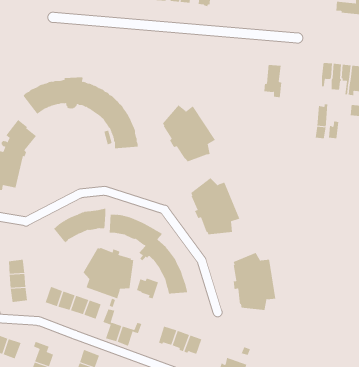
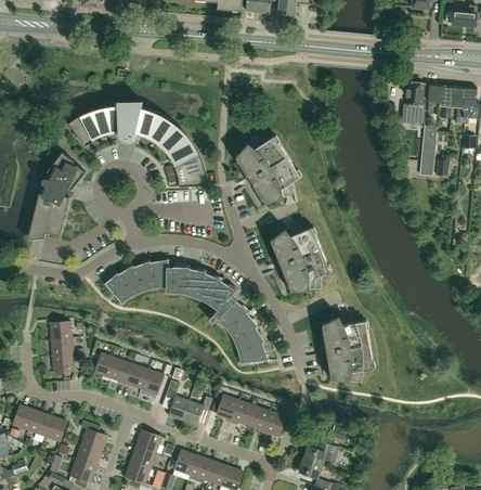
building: [263,65,282,98] -> [402,81,425,121]
building: [83,247,134,299] -> none
building: [136,278,159,299] -> [210,396,237,422]

